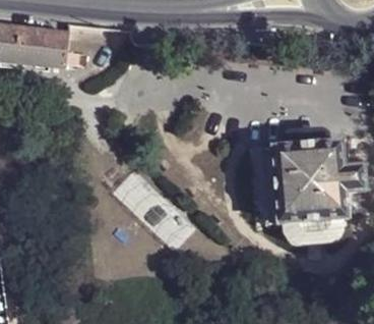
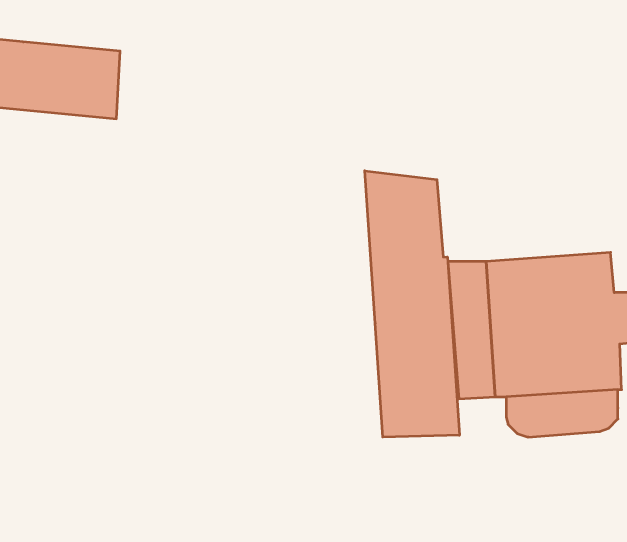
building: none -> [365,171,459,437]

